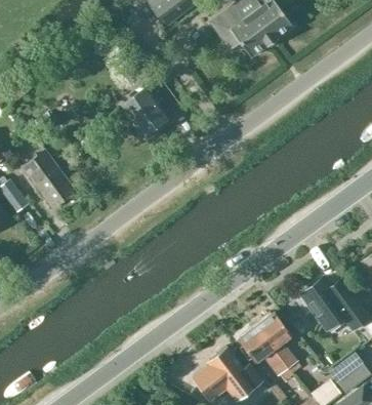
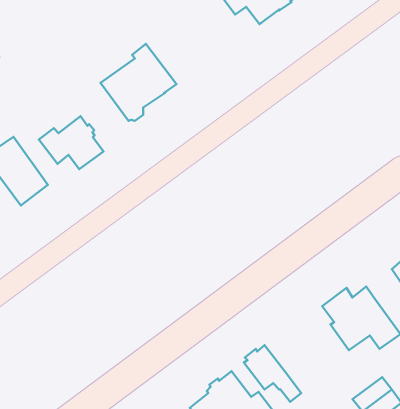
building: none -> [39,116,103,169]
building: [255,312,295,365] -> none

